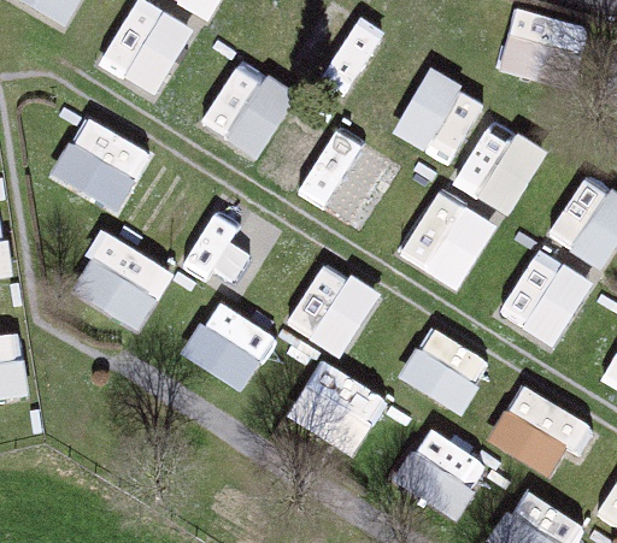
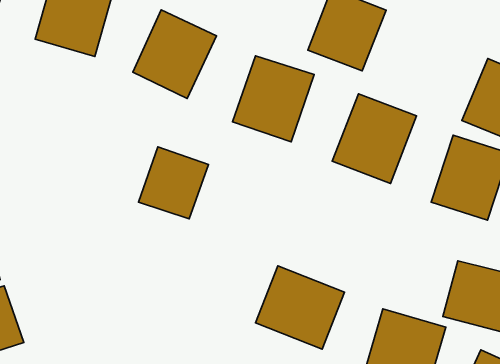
building: [51,116,149,211] -> none
building: [454,119,546,217] -> none
building: [66,230,171,330] -> none
building: [287,260,381,358] -> none
building: [182,301,276,391] -> none
building: [402,330,489,411] -> none

